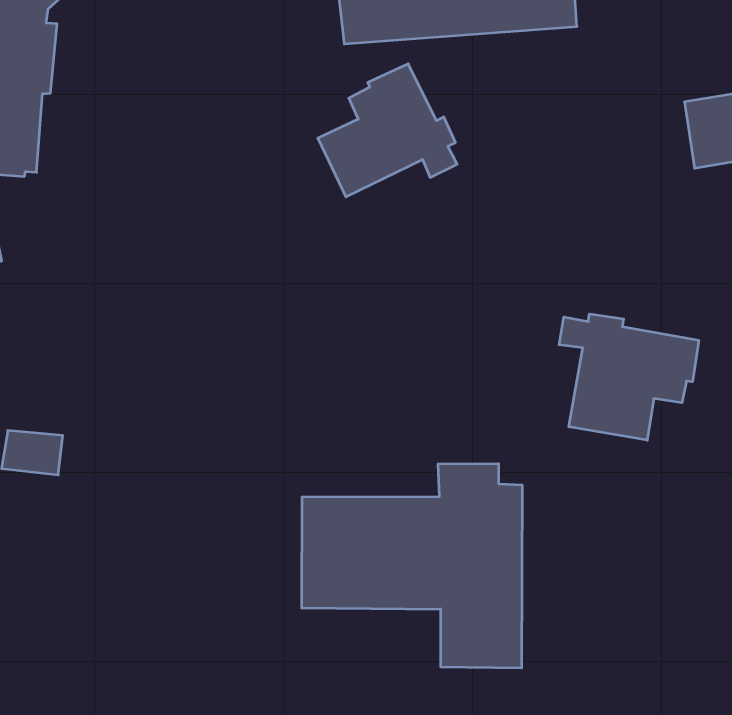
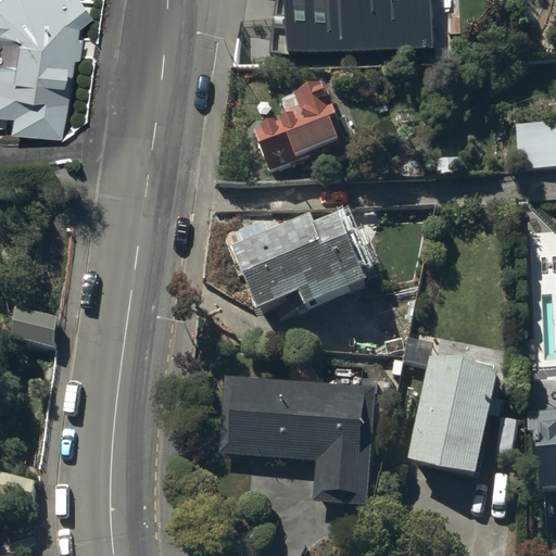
building: none -> [228,229,366,324]
building: [559,314,699,440] -> none
building: none -> [405,367,501,491]

